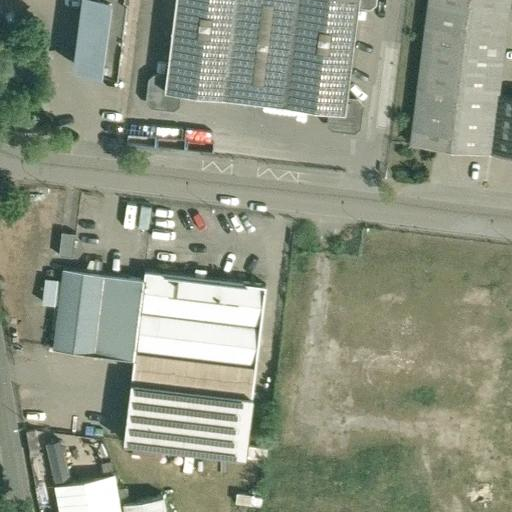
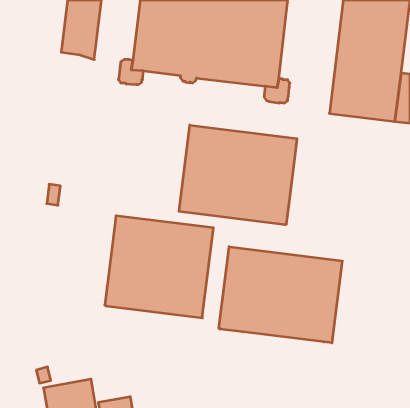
building: none -> [179,125,297,225]
building: [52,270,143,360] -> none
building: none -> [219,247,342,343]
building: [123,384,251,458] -> none

